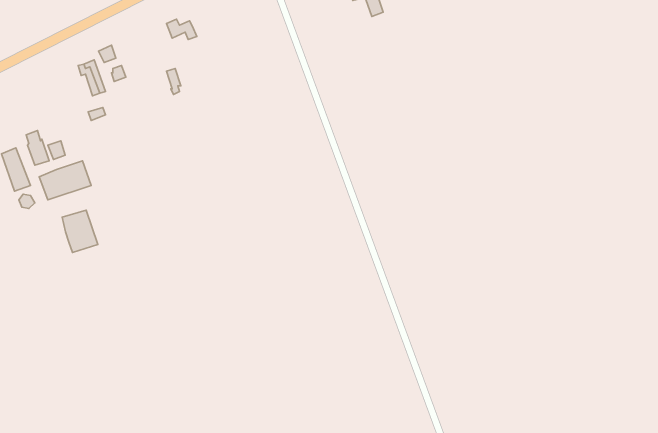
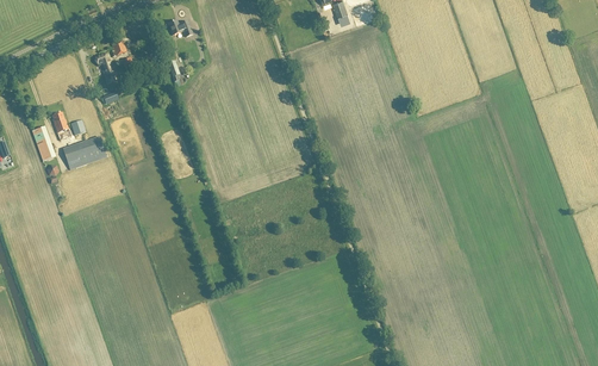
building: [62,210,98,253] -> none

